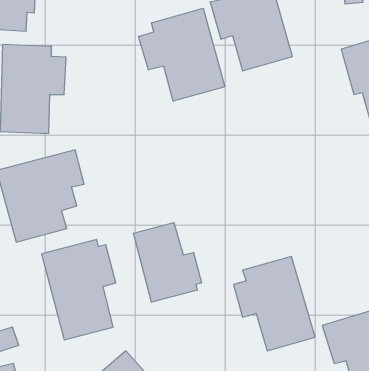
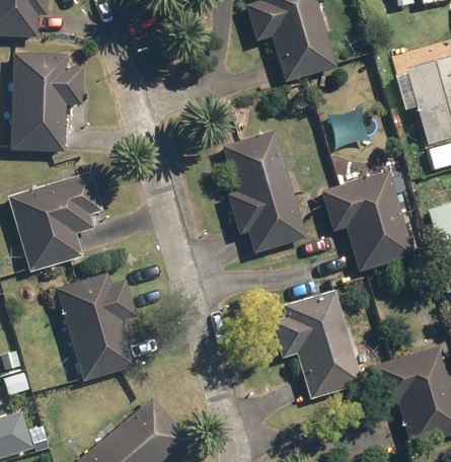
building: [139,8,225,101] -> none
building: none -> [225,131,308,253]
building: none -> [320,172,414,273]
building: [134,223,202,302] -> none

